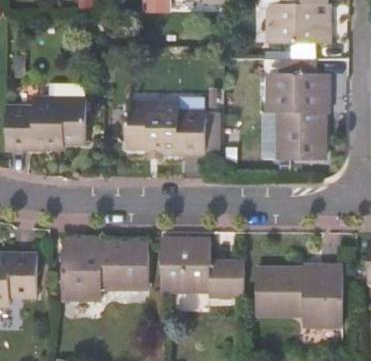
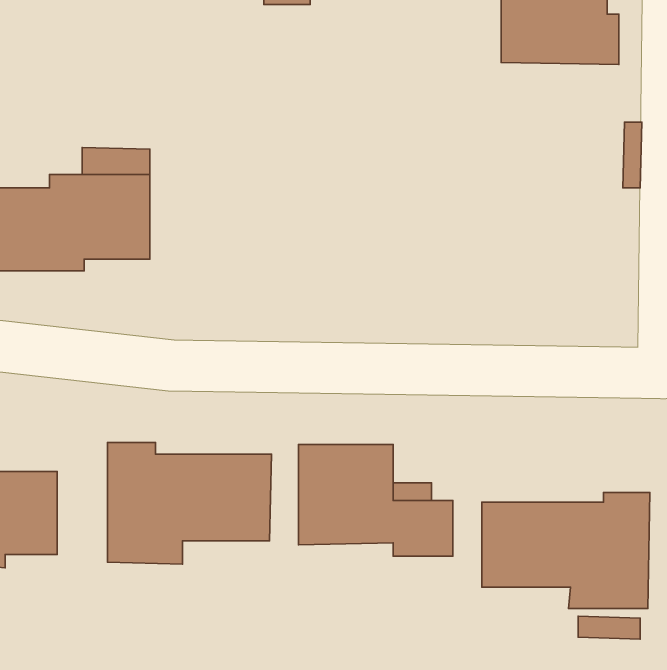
building: [266,58,328,159] -> none
building: [126,103,205,155] -> none

